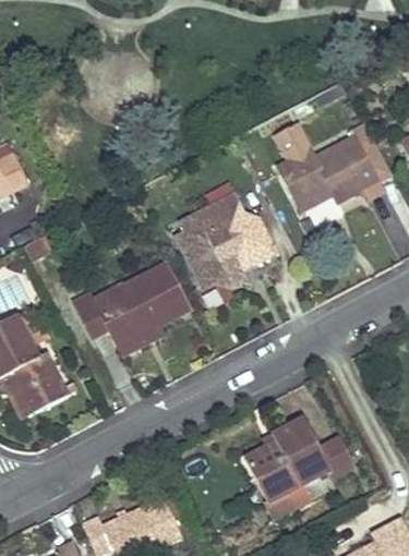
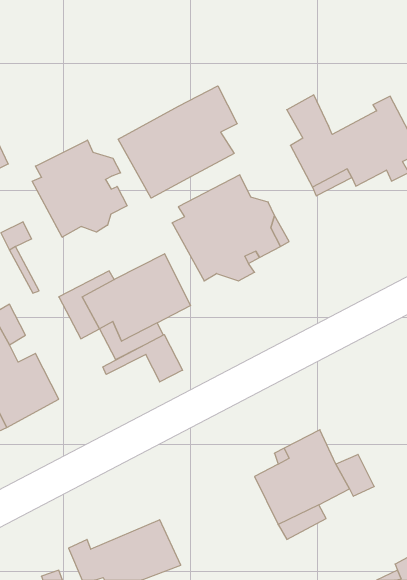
building: none -> [118,86,237,198]
building: none -> [32,140,127,237]
building: none -> [103,335,183,382]

